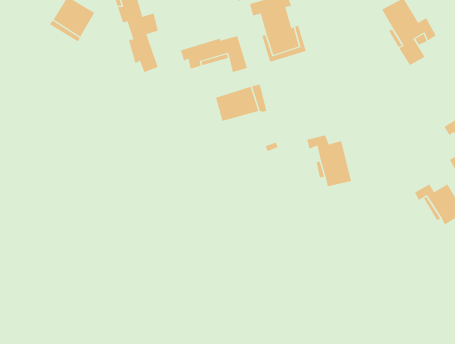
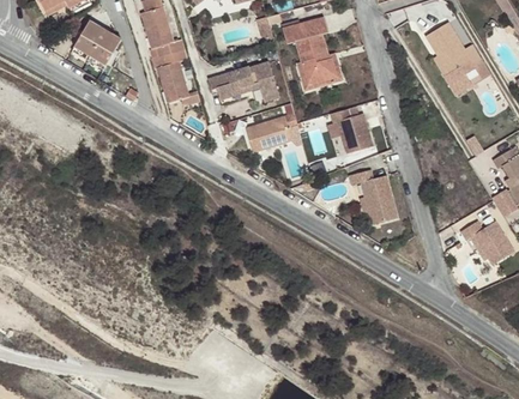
building: none -> [330,102,372,149]

